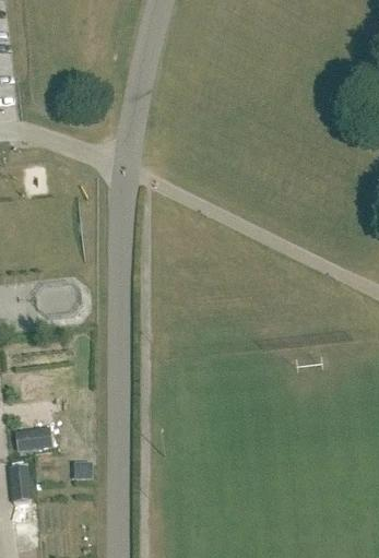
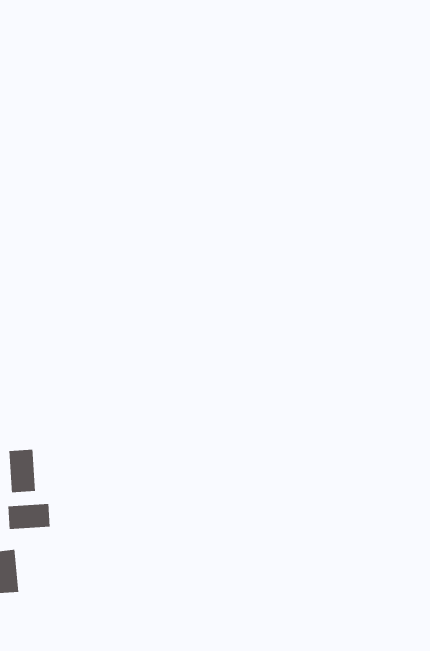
building: none -> [9,449,36,493]

